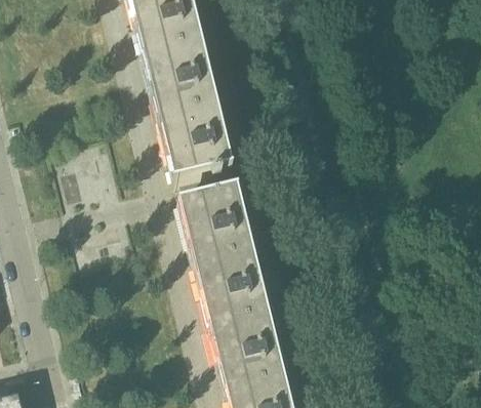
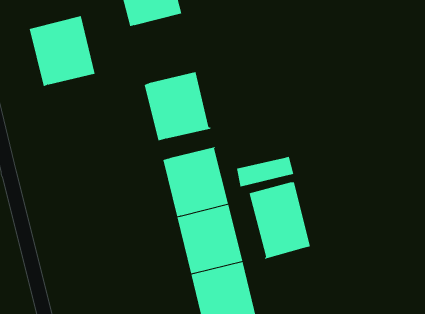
building: [144,43,216,121] -> [29,16,96,87]
building: [183,167,246,201] -> [236,156,294,187]
building: none -> [249,182,310,260]

